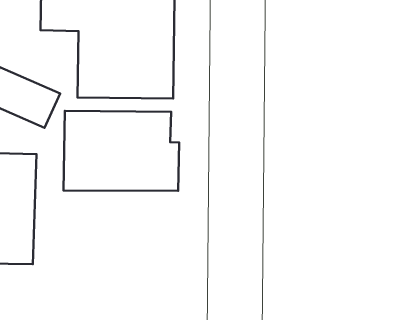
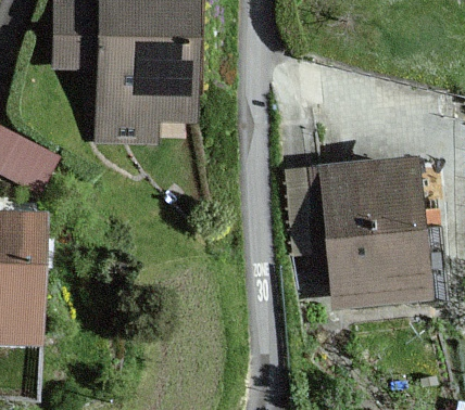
building: none -> [328,159,428,296]
building: [64,111,179,191] -> none

